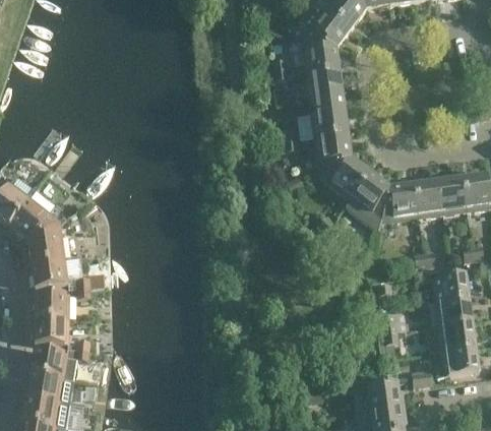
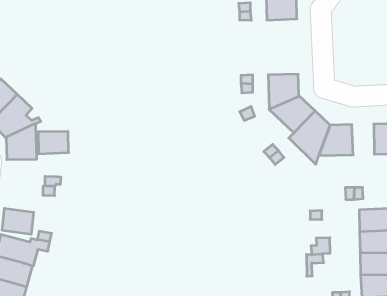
building: [307,70,349,136] -> none
building: [415,179,443,216] -> none
building: [33,258,69,287] -> [38,131,69,154]
building: [36,292,70,318] -> none

